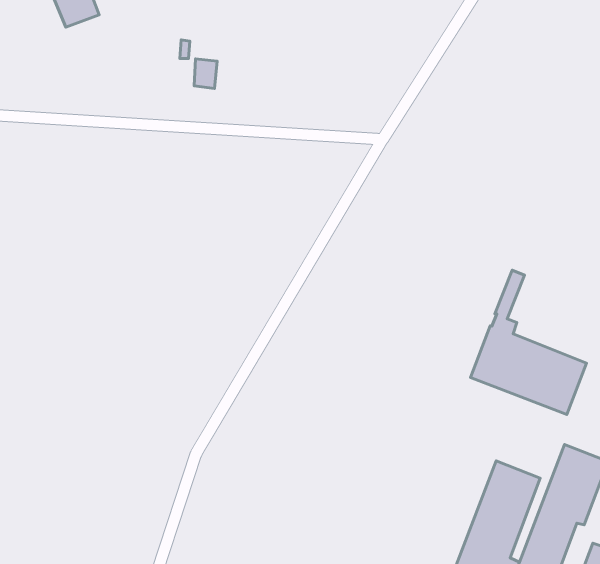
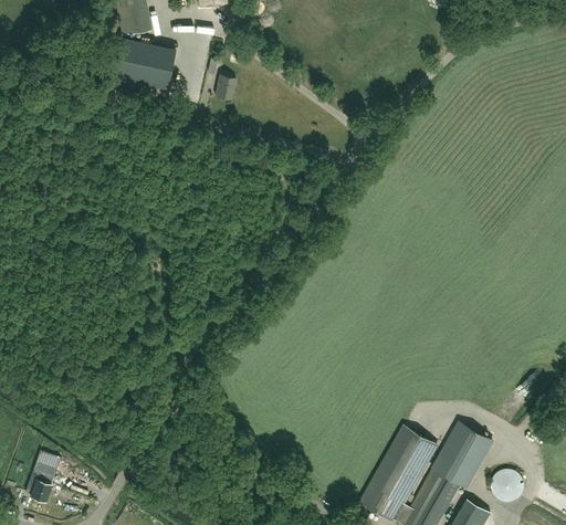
building: none -> [113,38,175,87]
building: [471,270,586,414] -> none

